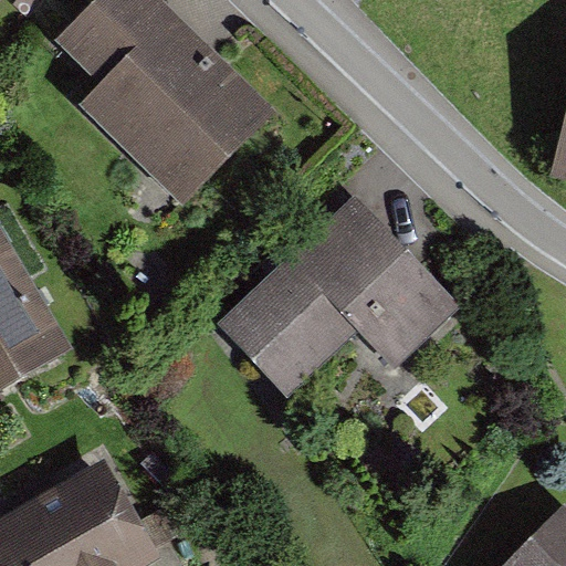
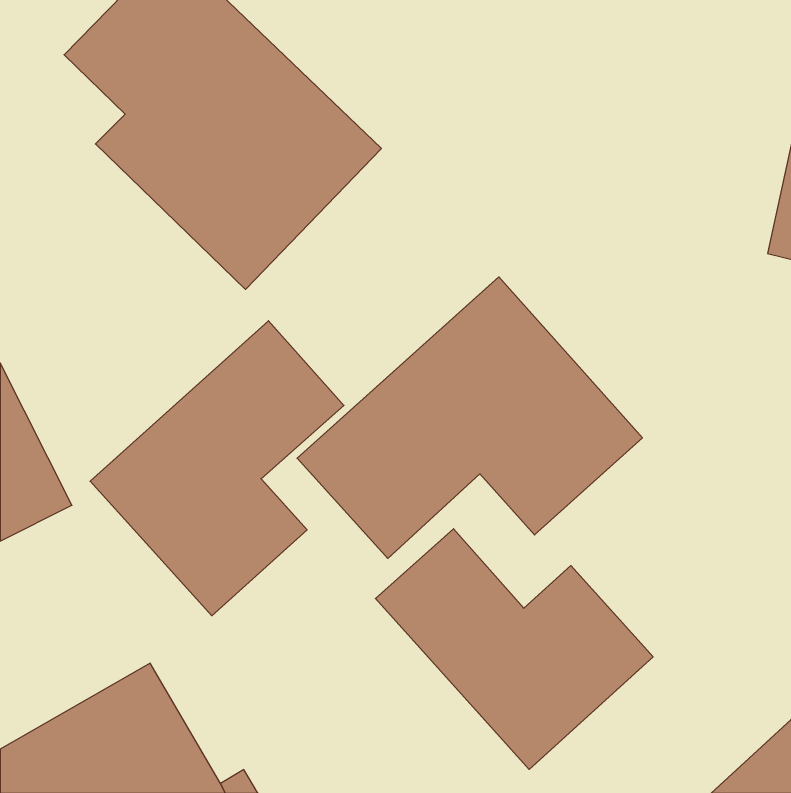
building: none -> [90,321,344,616]
building: none -> [375,529,653,769]

